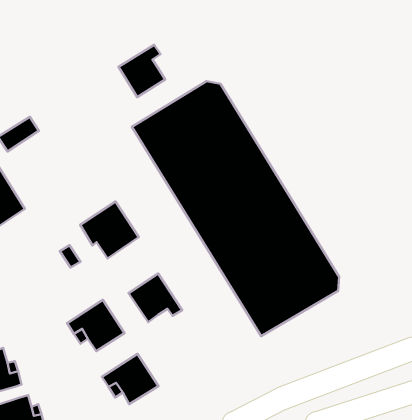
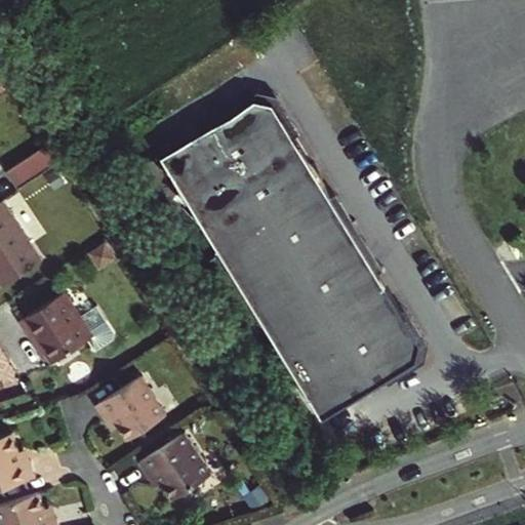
building: [118,45,165,97] -> none
building: [80,201,139,259] -> [11,292,84,363]
building: [129,274,182,322] -> none

